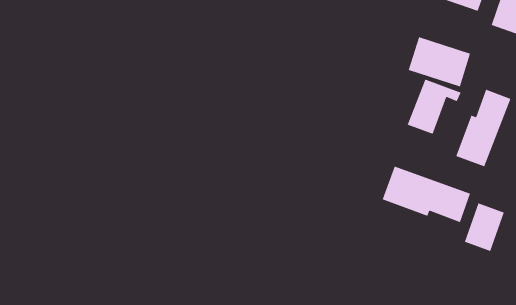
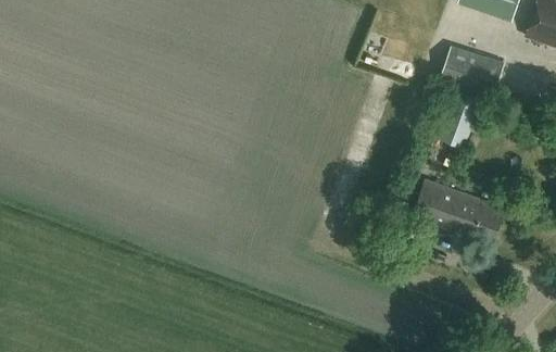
building: [455,89,511,167] -> none
building: [464,203,505,252] -> none

